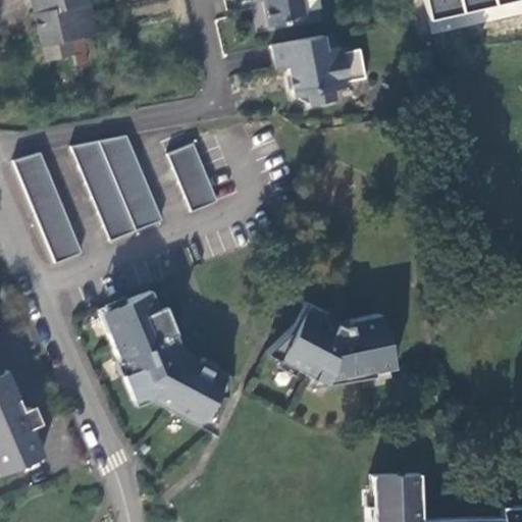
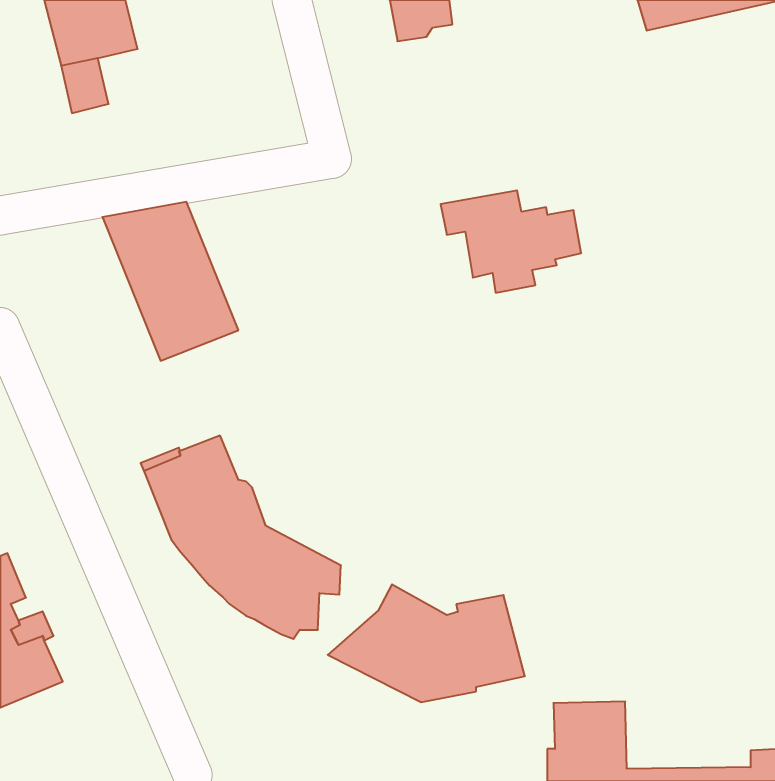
building: [272,37,366,105] -> [441,190,581,293]
building: [168,144,218,212] -> none
building: [14,152,82,263] -> none
building: [264,306,396,384] -> [328,584,525,702]

